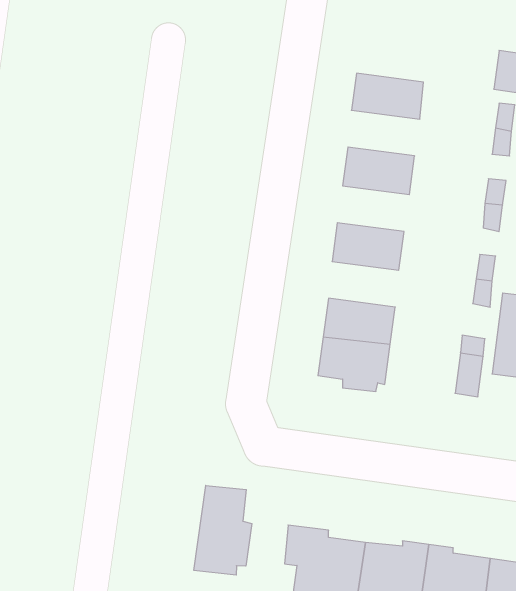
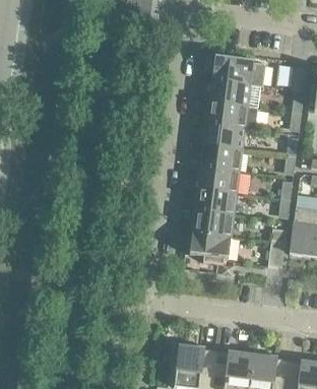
building: none -> [211,52,265,85]
building: none -> [206,101,256,128]
building: none -> [200,144,242,171]
building: none -> [195,188,236,214]
building: [194,485,252,575] -> none

